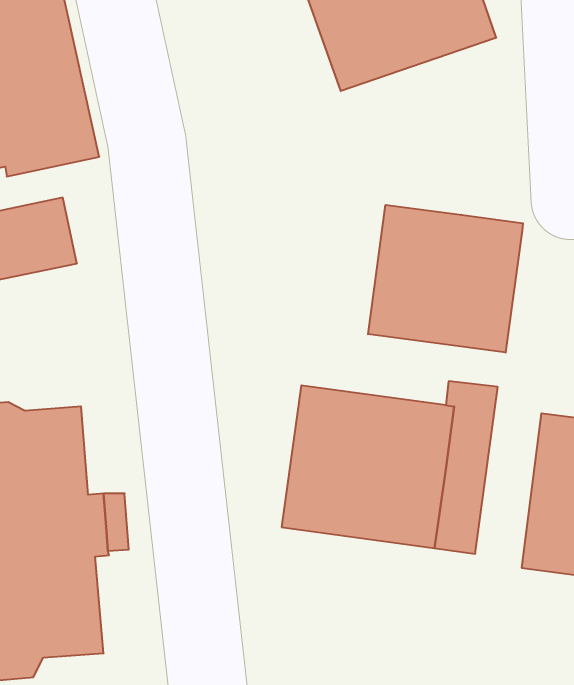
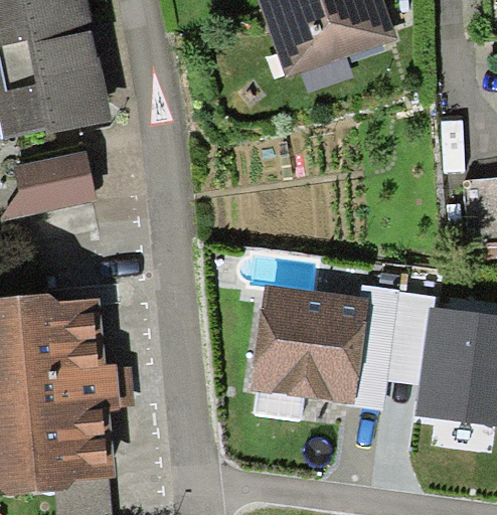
building: [368,205,523,353] -> none

